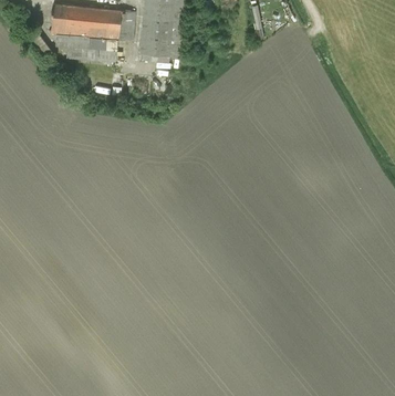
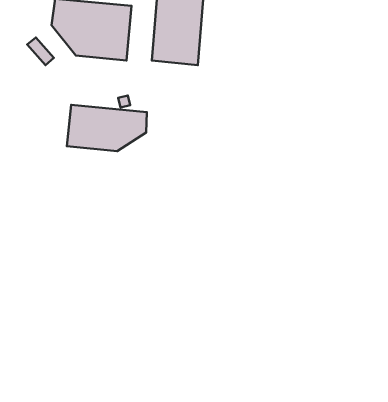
building: none -> [67,105,147,151]

